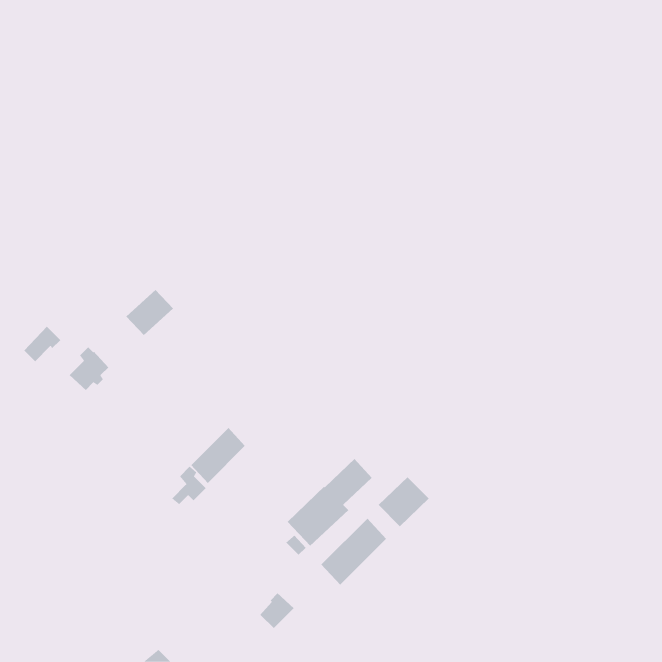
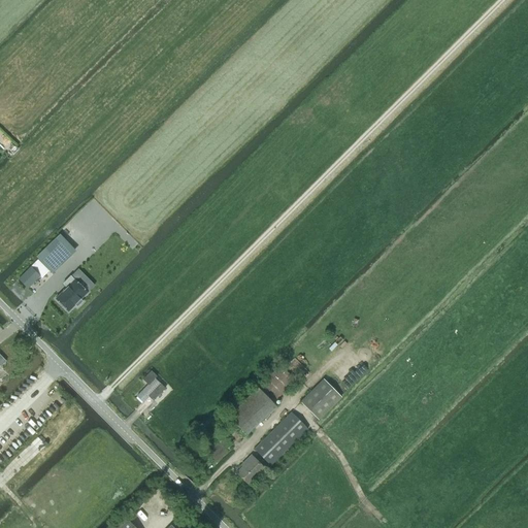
building: [126,289,174,336] -> [37,234,75,271]
building: [190,427,246,484] -> none
building: [259,593,295,629] -> [237,455,265,484]

